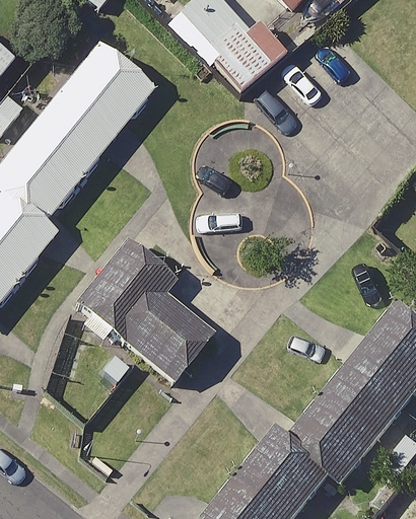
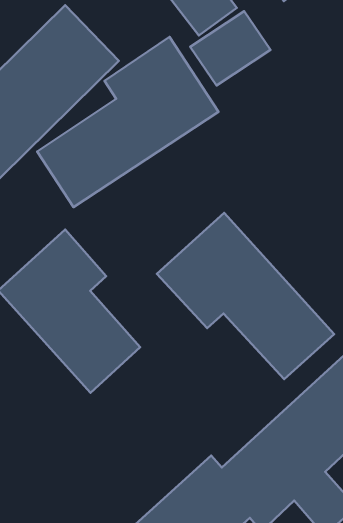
building: none -> [37,37,218,207]
building: none -> [157,213,334,379]

